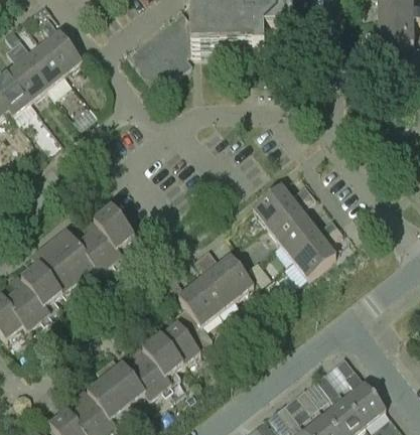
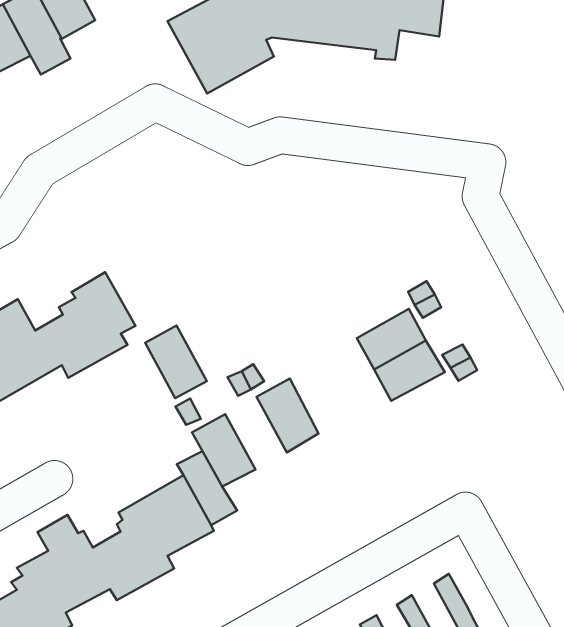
building: [253,183,295,224] -> none
building: [283,236,336,284] -> none
building: [195,268,236,311] -> [145,326,207,398]

